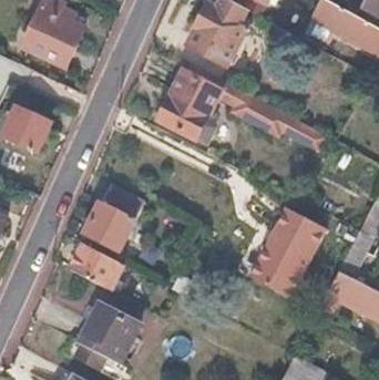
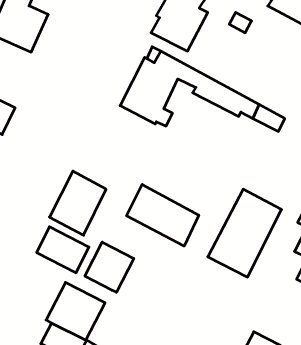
building: none -> [127,184,199,246]
building: none -> [85,242,134,292]

